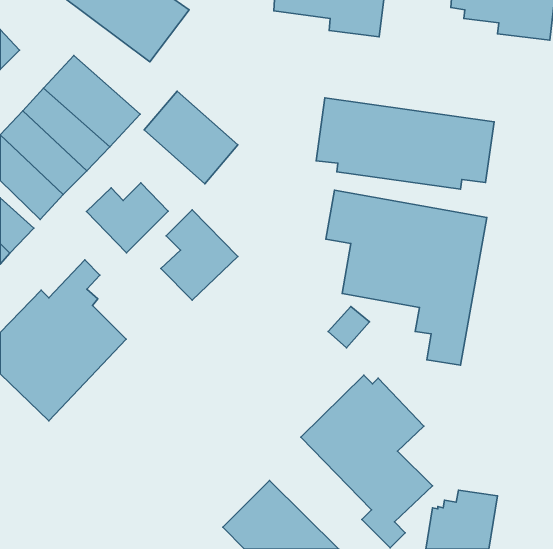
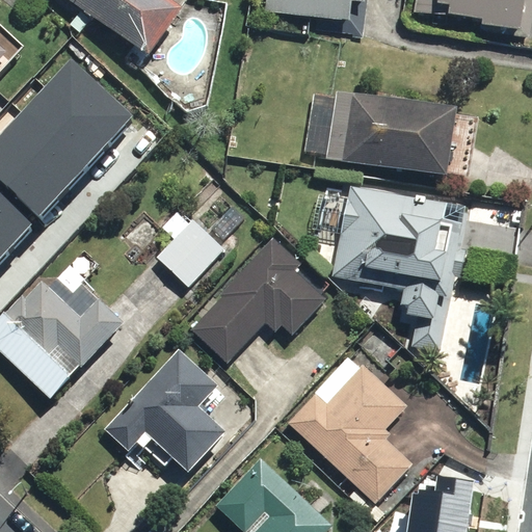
building: [144,91,238,184] -> none
building: [86,183,168,253] -> none
building: none -> [191,237,327,362]
building: none -> [101,348,222,473]

